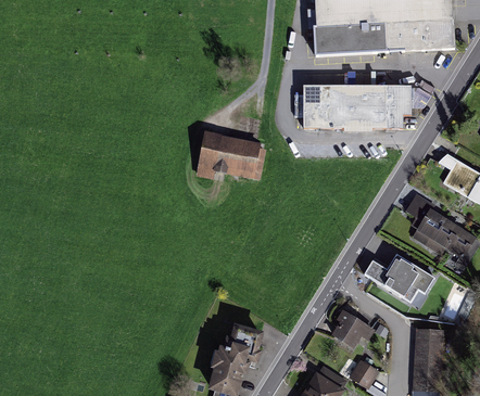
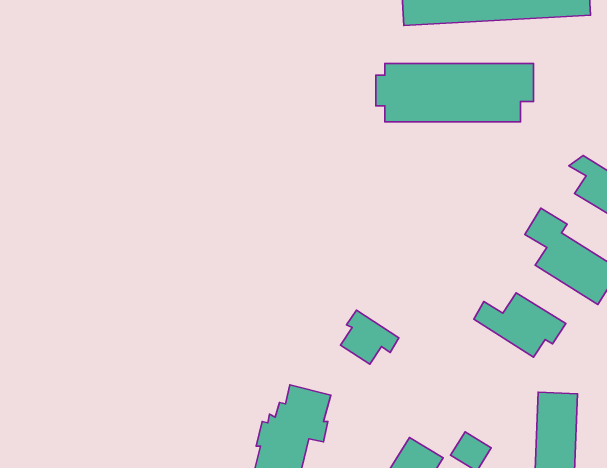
building: [197,130,266,181] -> none
building: [331,308,375,348] -> [341,310,399,364]

